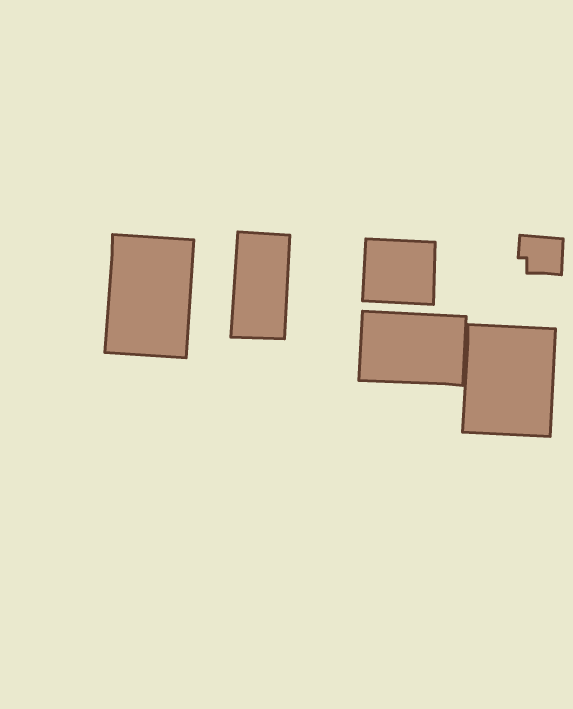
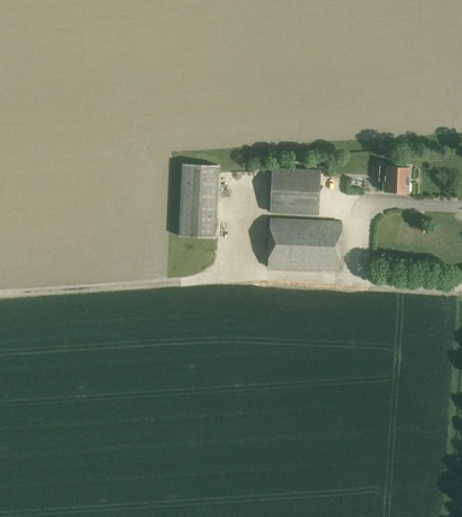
building: [105,234,194,358] -> none
building: [462,325,555,437] -> none

